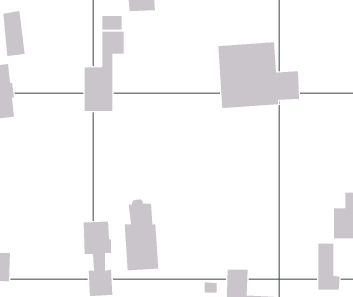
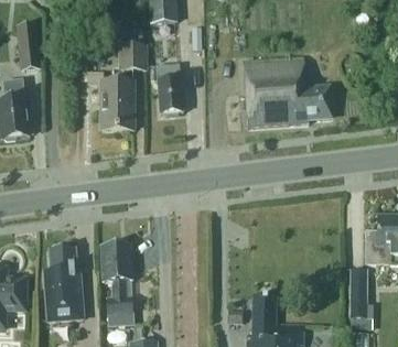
building: none -> [155,64,183,113]
building: [124,199,159,271] -> [45,245,83,321]

